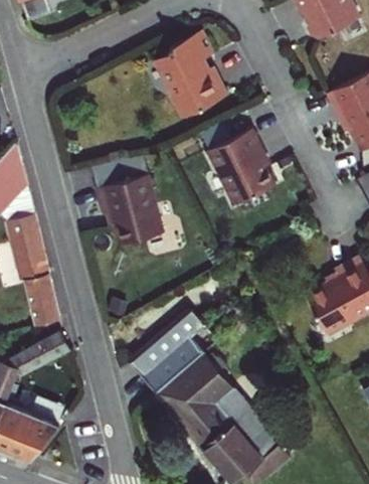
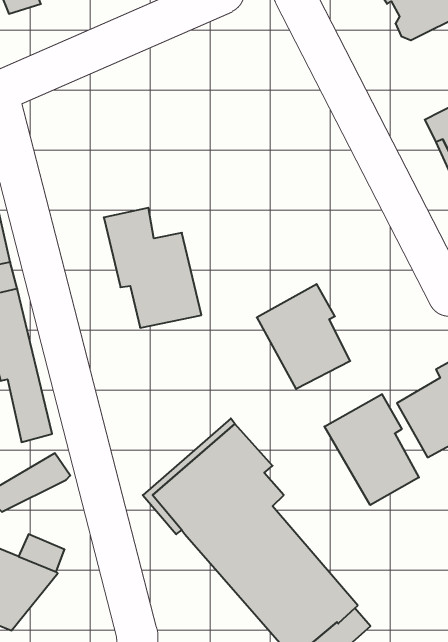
building: [152,29,226,116] -> none
building: [207,127,274,202] -> [257,284,350,389]
building: none -> [324,394,419,505]

